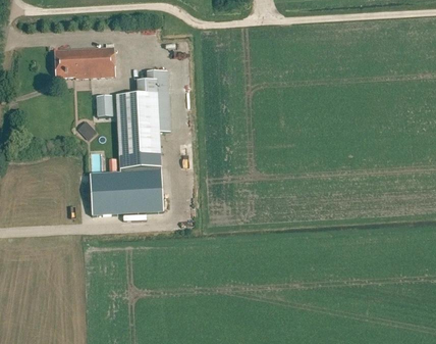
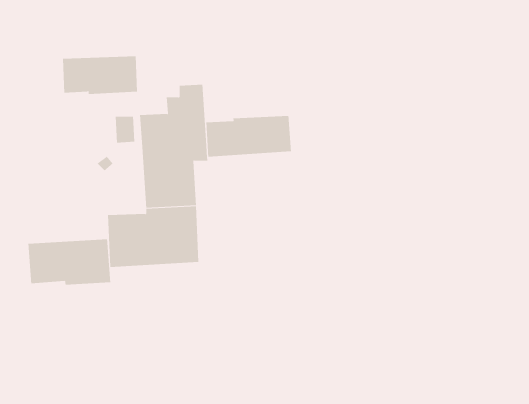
building: none -> [206,115,291,158]
building: none -> [28,239,111,286]

